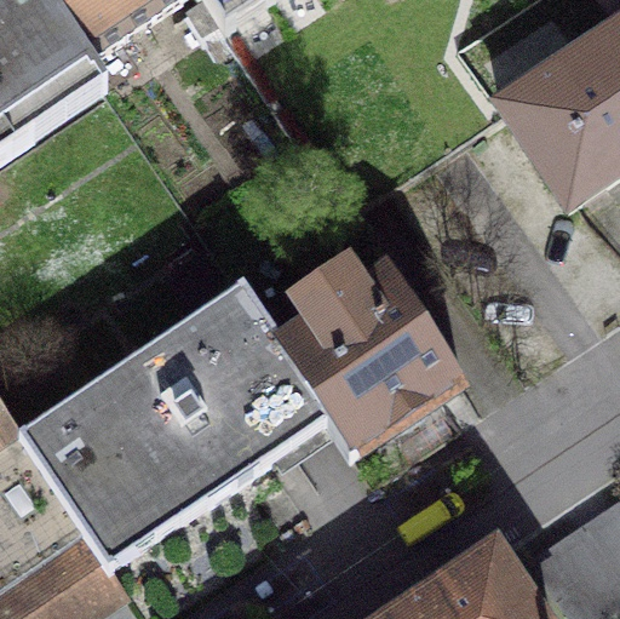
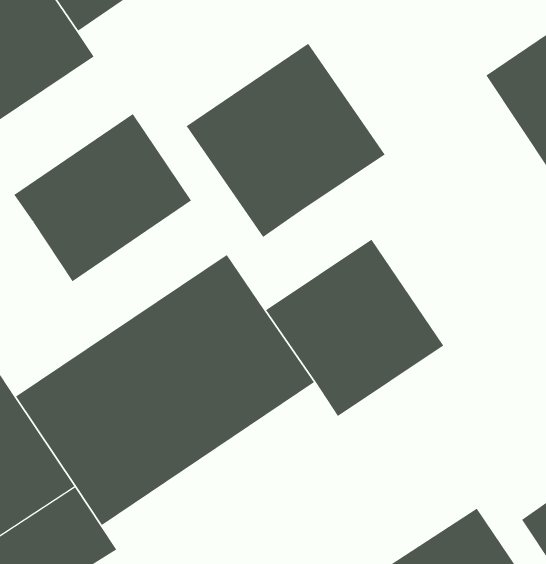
building: none -> [186,43,386,238]
building: none -> [14,113,192,282]

